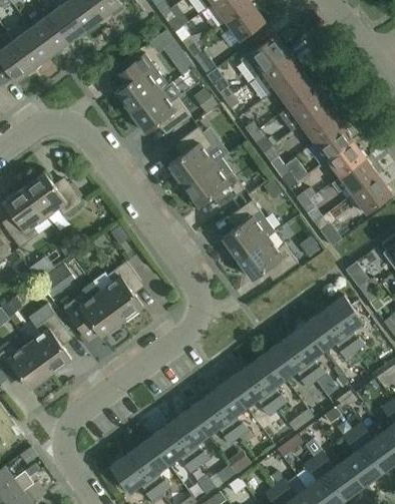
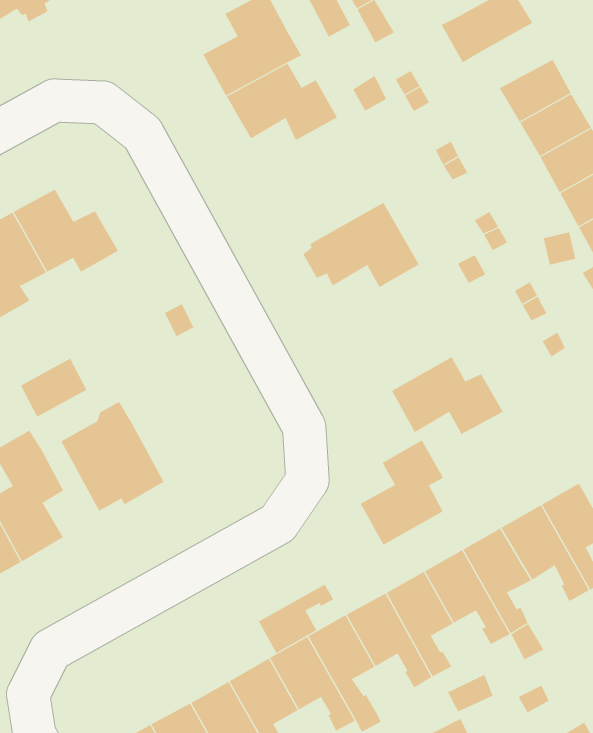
building: [254,54,302,97] -> none
building: [167,128,214,186] -> none
building: [222,200,267,260] -> [360,440,444,546]
building: [99,262,142,323] -> none
building: none -> [258,584,334,654]

